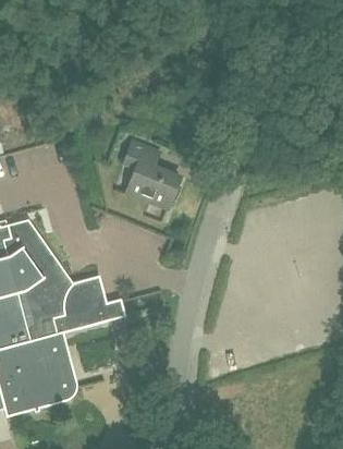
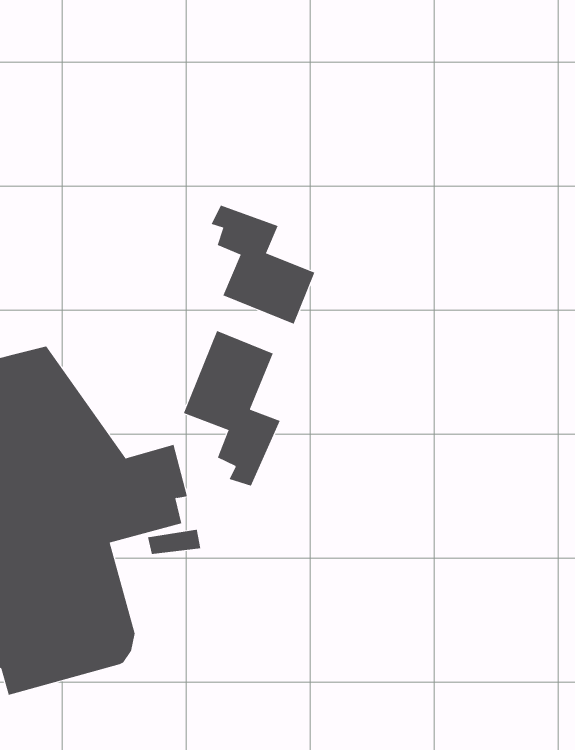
building: none -> [183,330,280,486]

